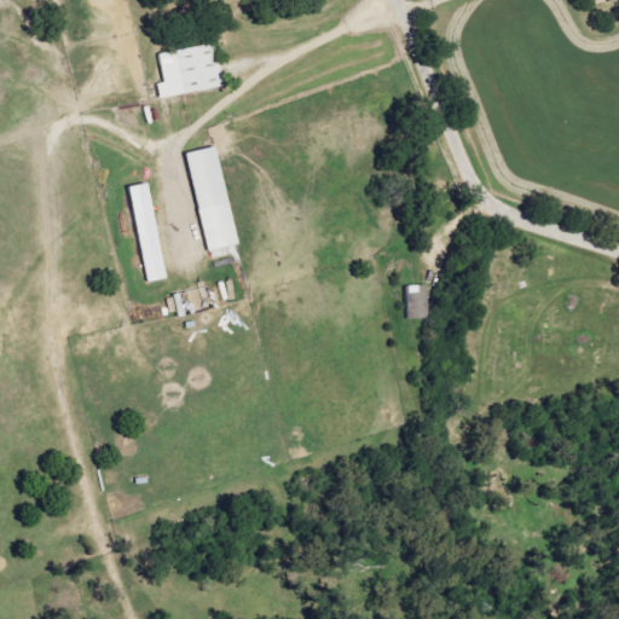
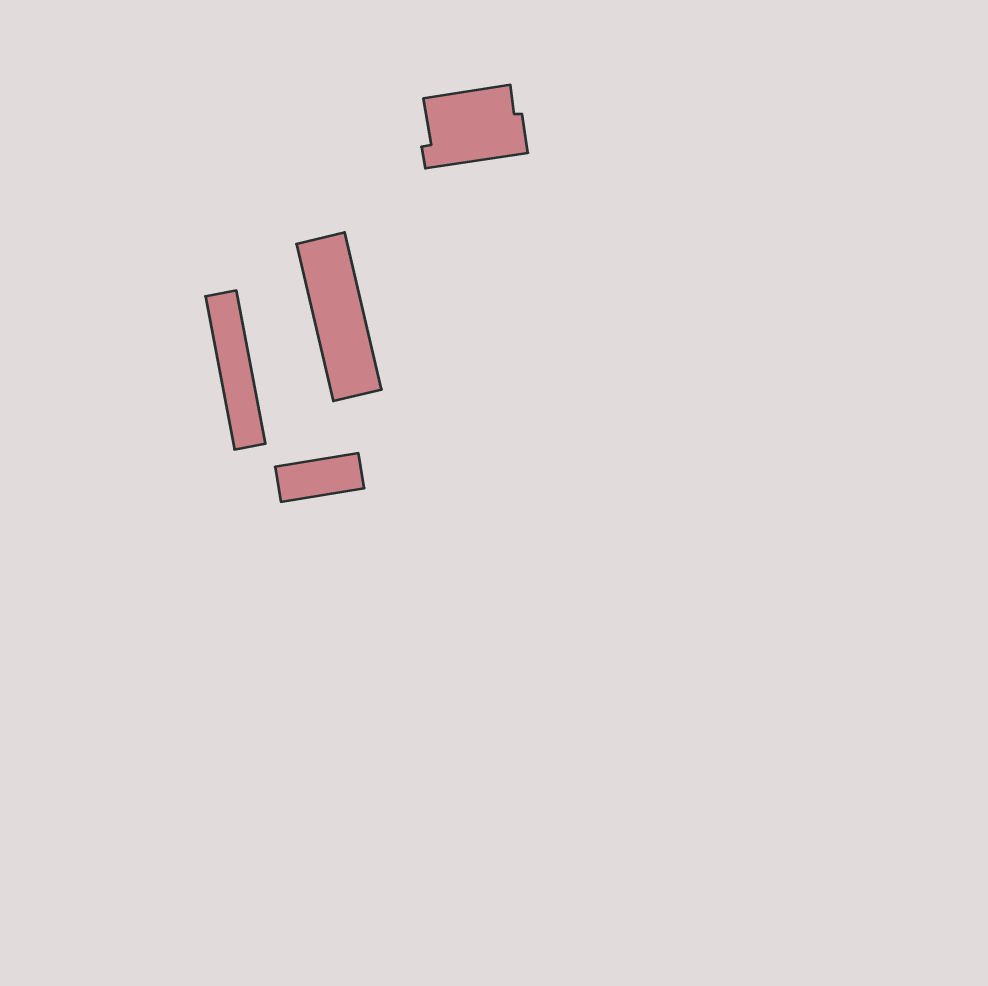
building: [157,44,224,96] -> [421,85,528,168]
building: [405,284,428,318] -> none

